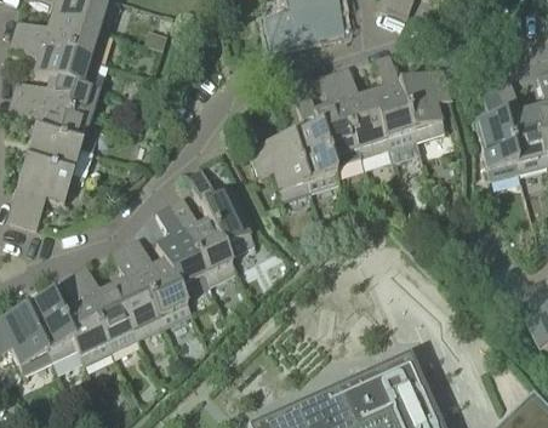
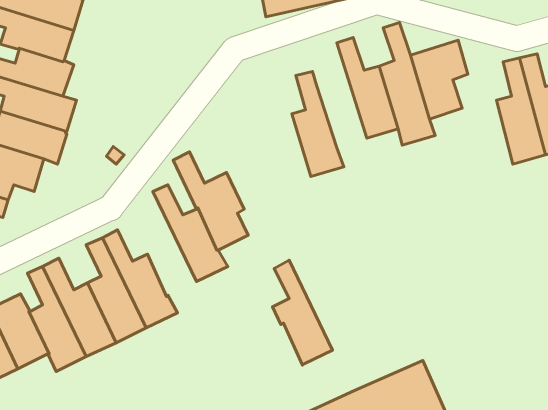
building: [314,72,359,165] -> none
building: [249,135,309,199] -> none
building: [154,204,207,297] -> [273,260,333,365]

